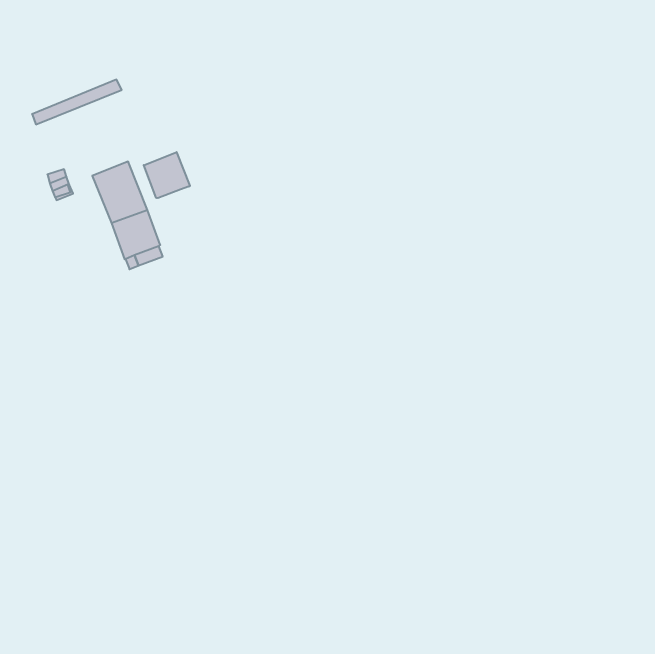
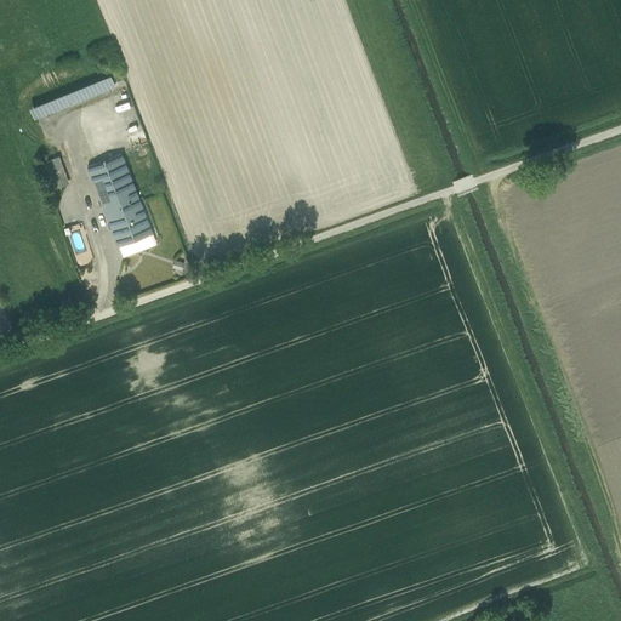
building: [144,152,190,198] -> none

